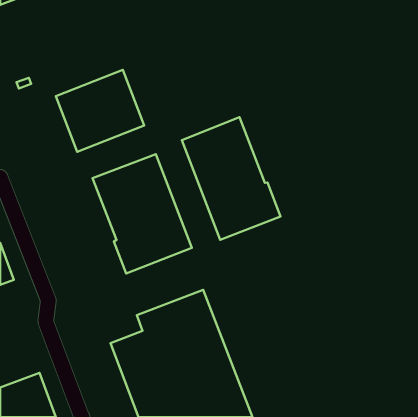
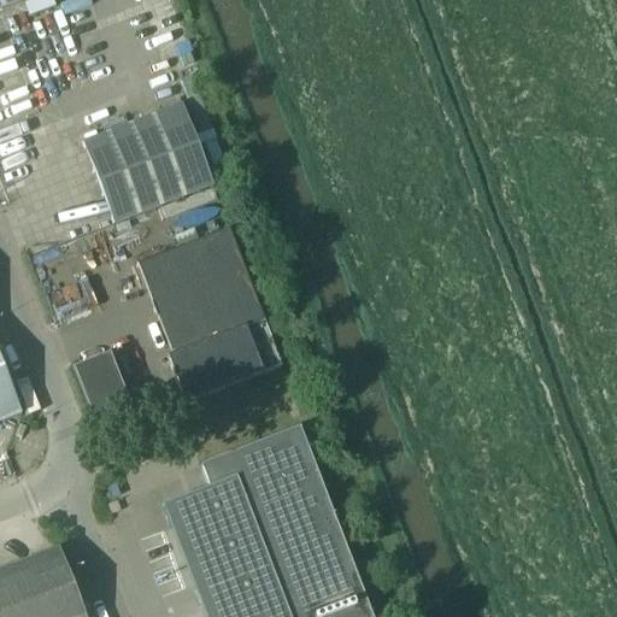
building: [182,117,281,240] -> none
building: none -> [75,352,135,433]

